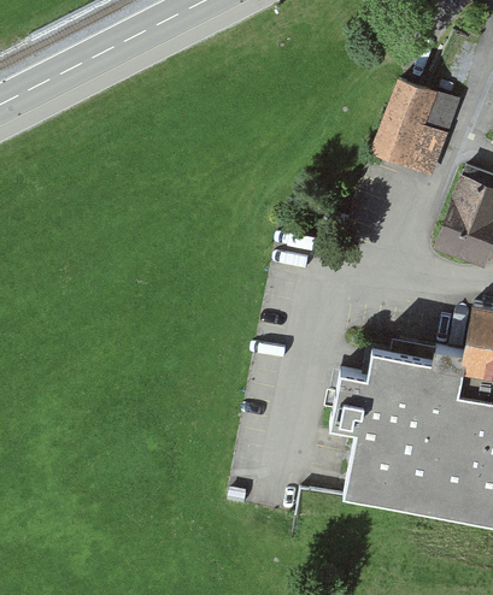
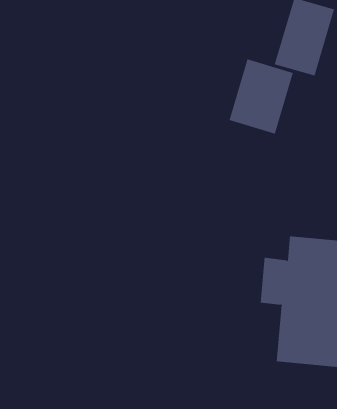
building: none -> [229,59,294,135]

